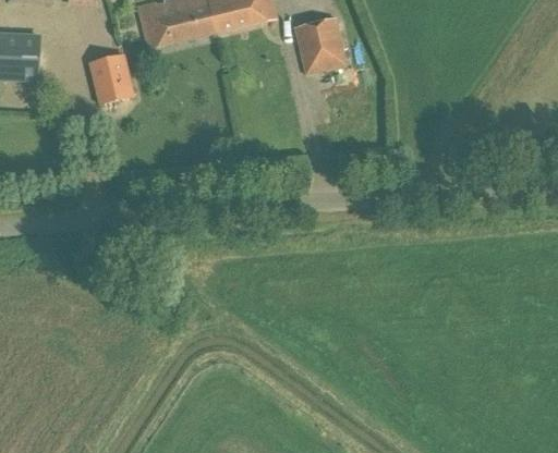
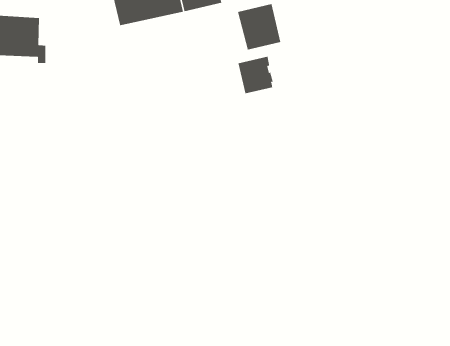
building: [88,53,135,105] -> none
building: none -> [238,56,274,94]

